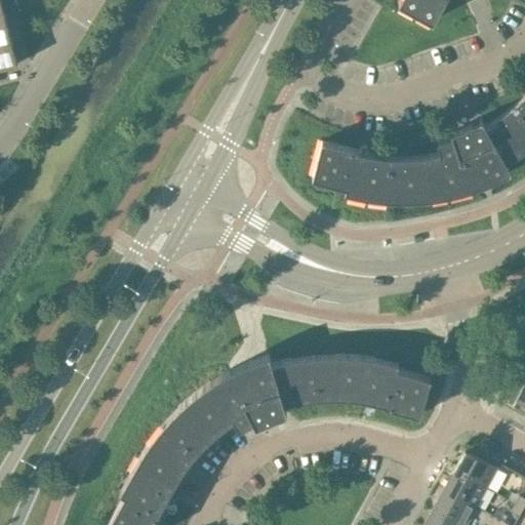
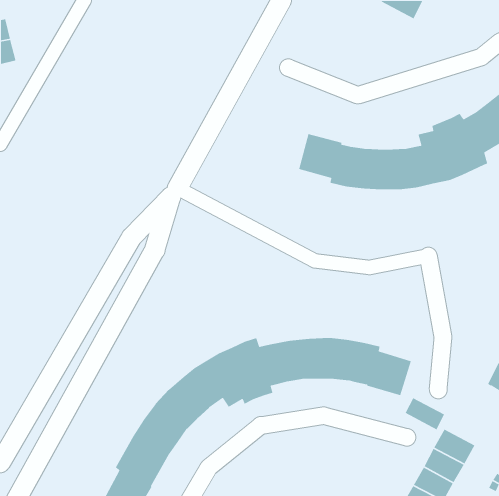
building: none -> [405,397,445,430]

